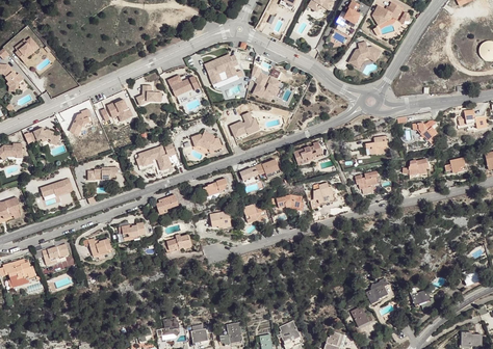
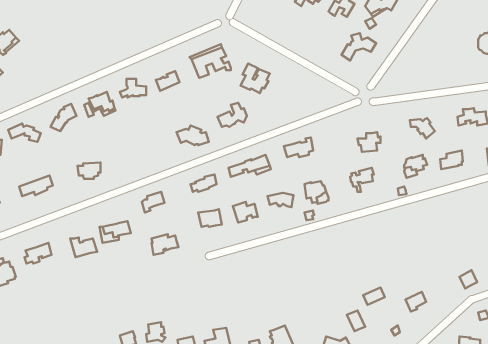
building: [135,145,168,169] -> none

